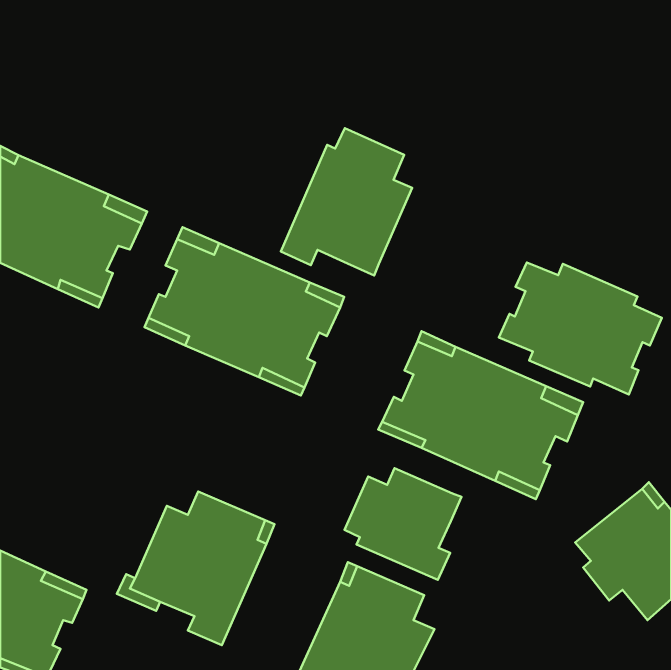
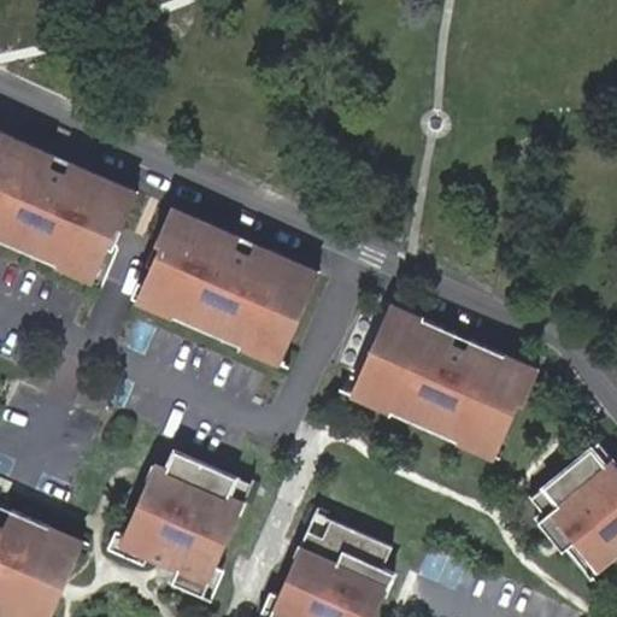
building: [281,128,412,276] -> none
building: [499,263,662,394] -> none
building: [344,468,461,580] -> none

